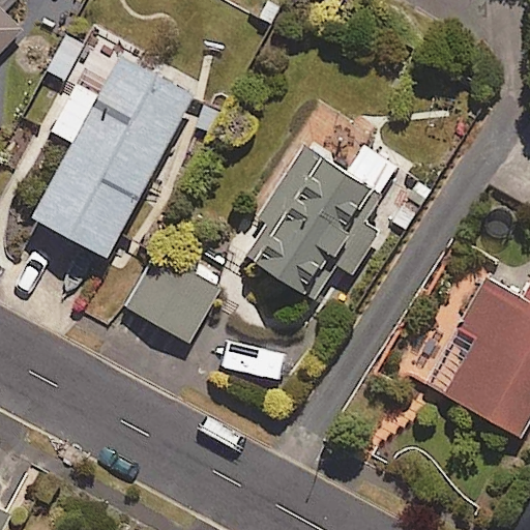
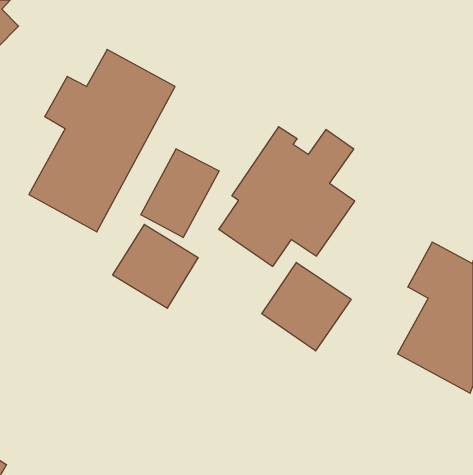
building: none -> [141,149,219,238]
building: none -> [262,262,351,351]

